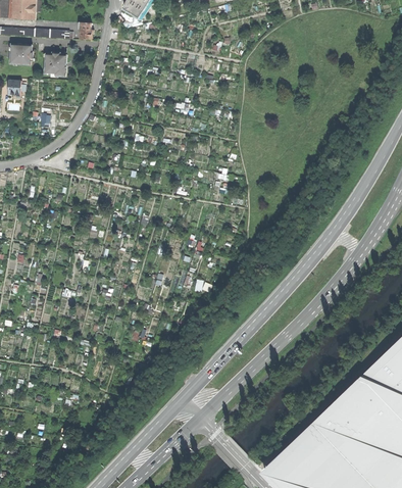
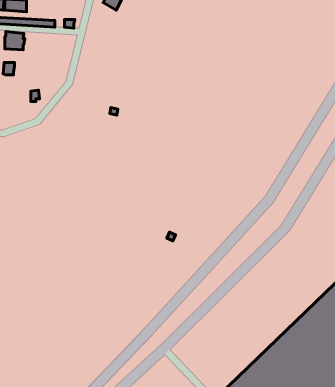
building: [45,53,67,76] -> none

